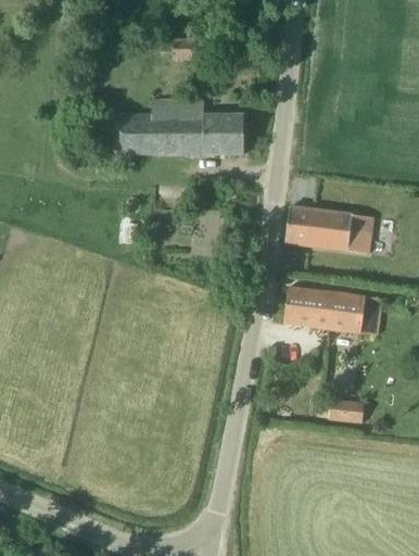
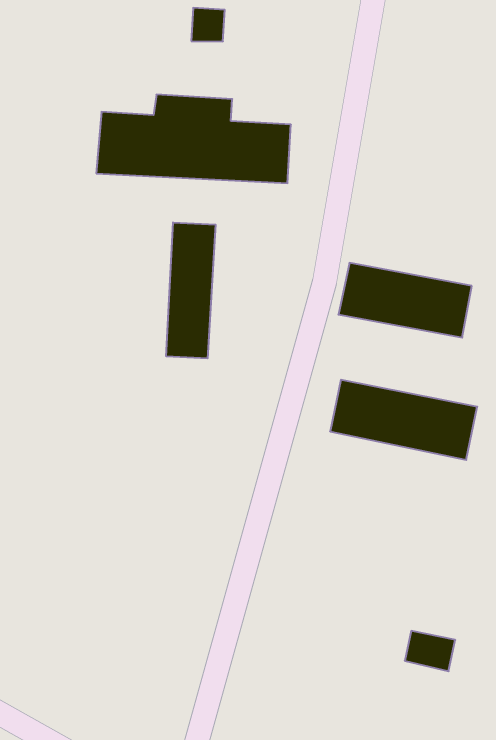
building: none -> [166,222,216,358]
building: [330,397,364,424] -> [405,631,455,671]

